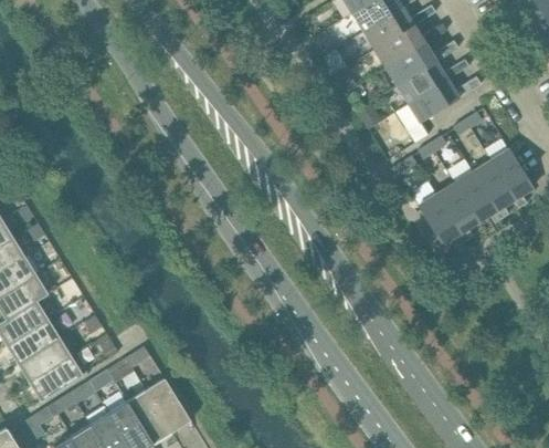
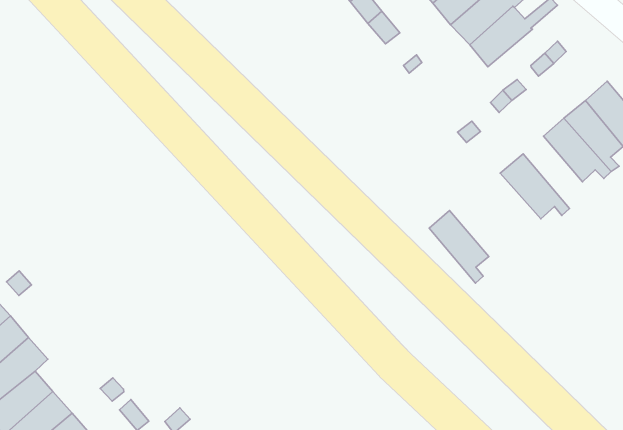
building: [436,183,478,241] -> [429,211,489,283]

